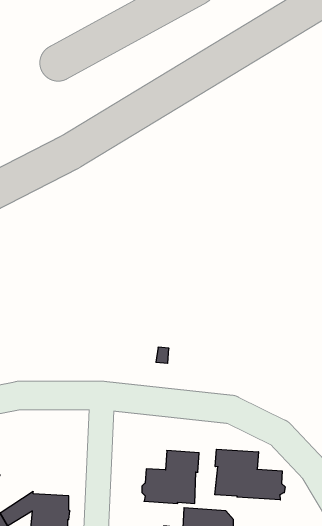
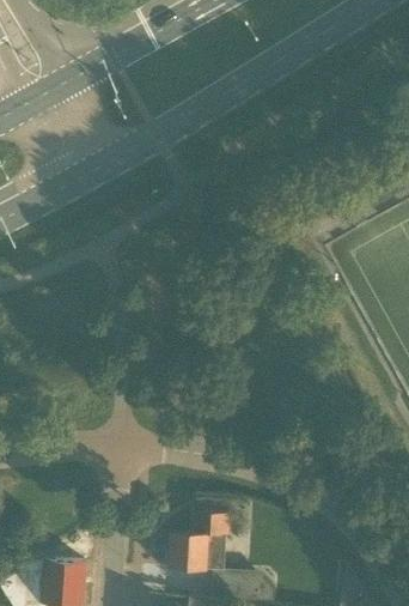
building: [215,449,285,500] -> none

